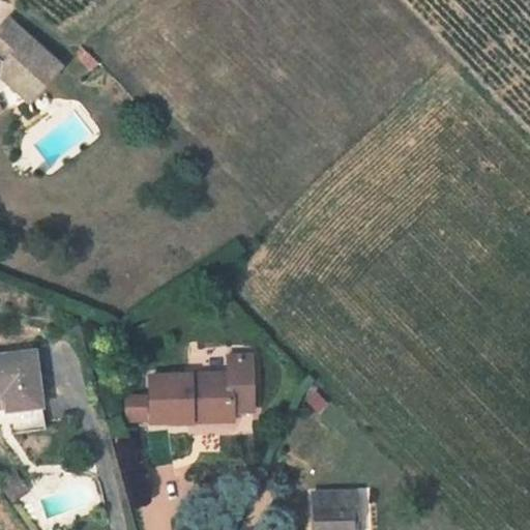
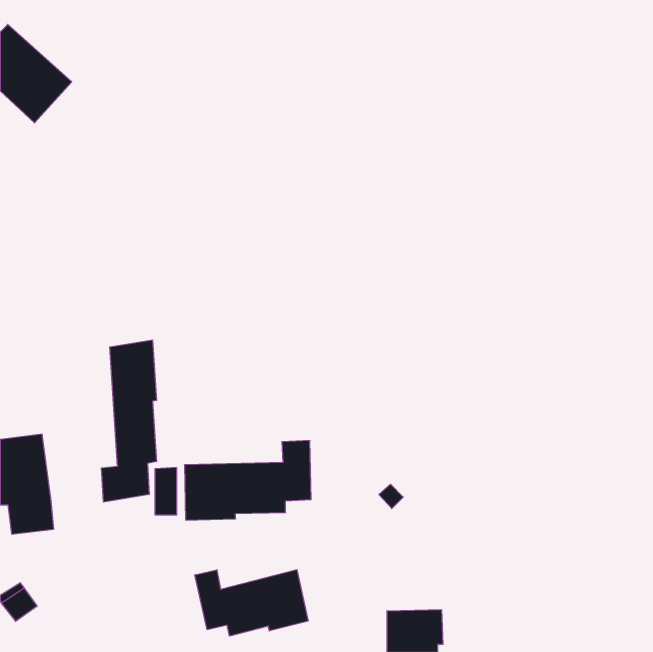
building: none -> [102,340,157,502]
building: none -> [195,570,308,636]

